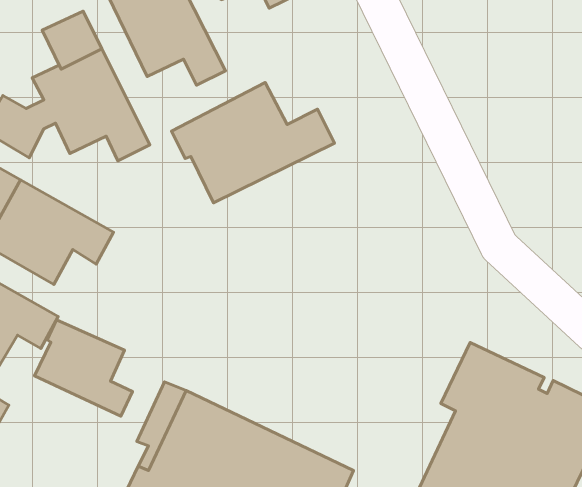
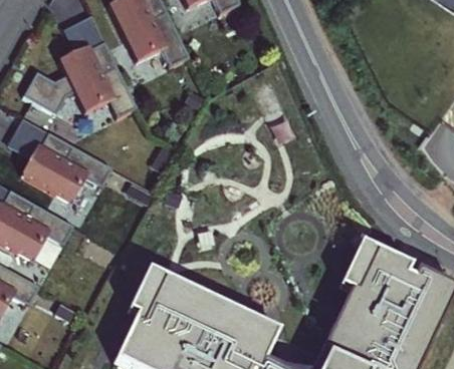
building: [172,83,335,203] -> none
building: [35,320,132,416] -> none

